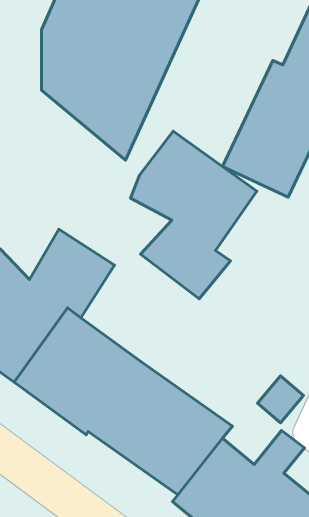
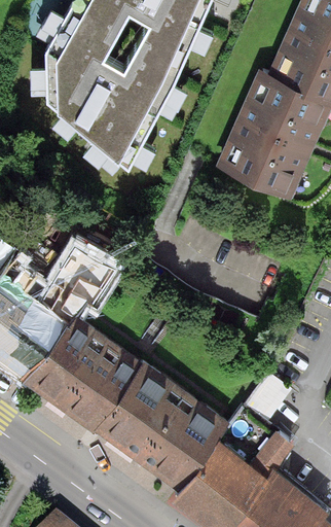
building: [130,131,257,299] -> none

